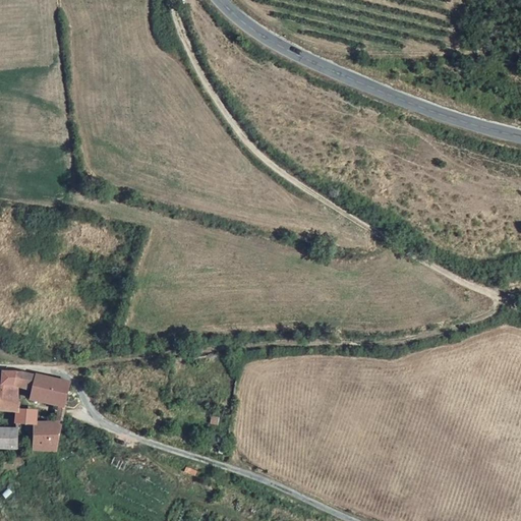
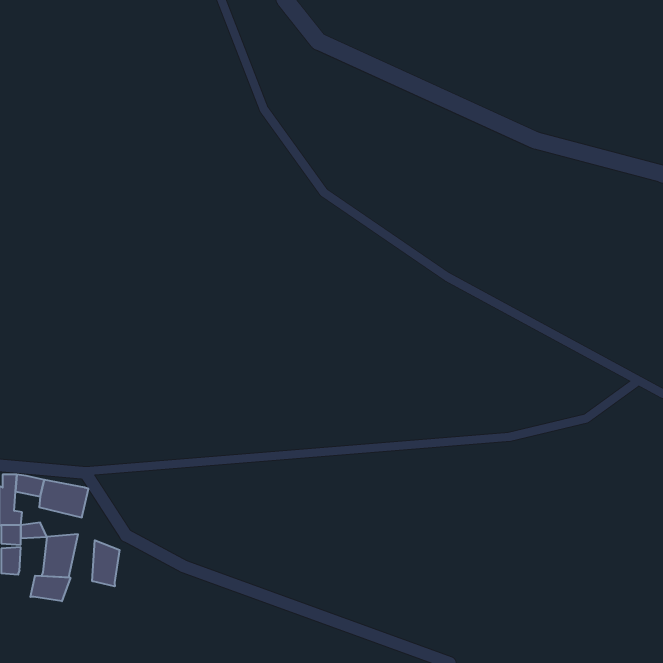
building: none -> [92,540,120,586]
building: none -> [30,576,70,601]

